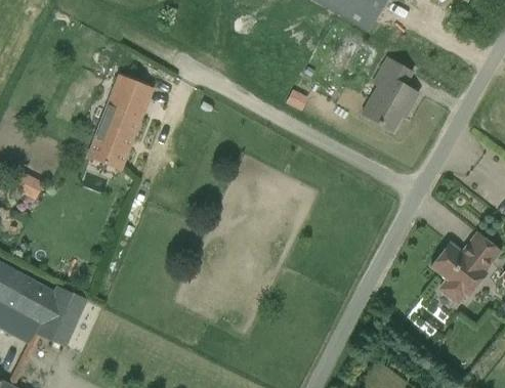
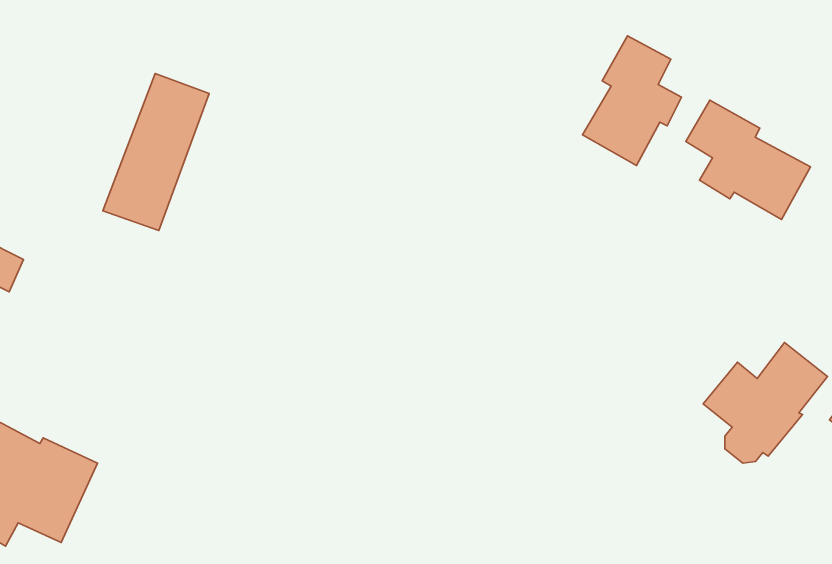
building: none -> [686,100,811,220]

